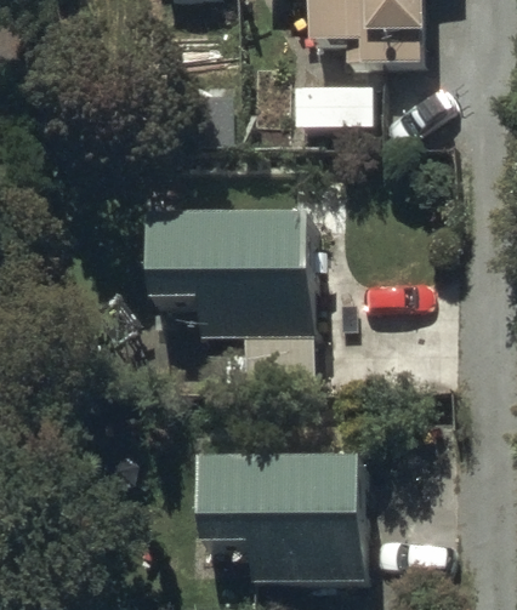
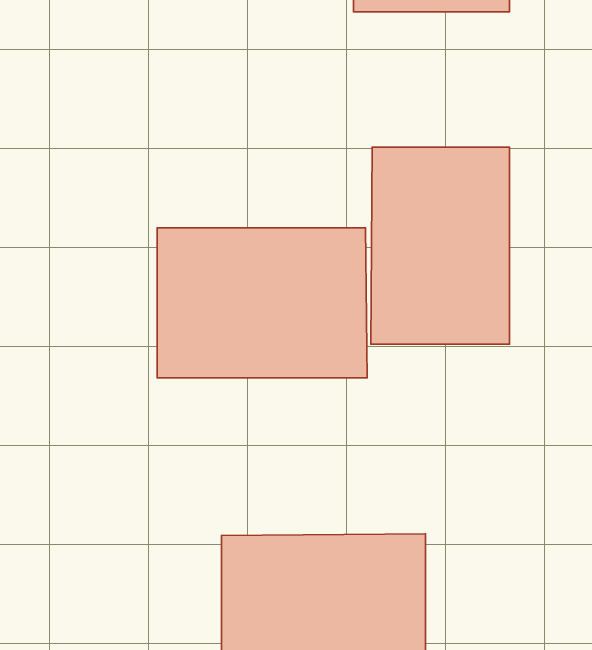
building: none -> [371,147,510,344]

